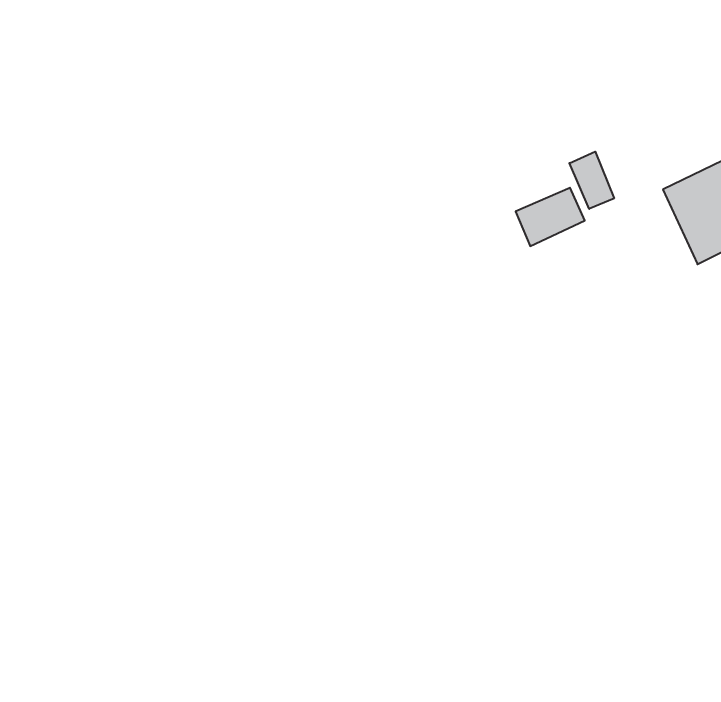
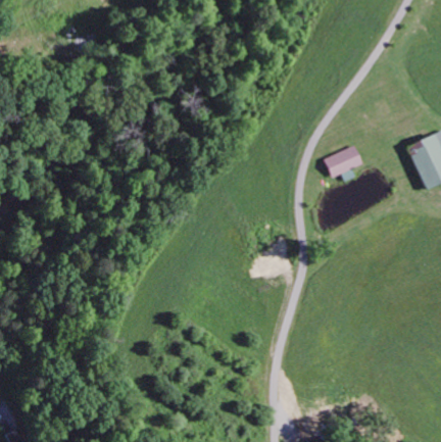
building: [569,152,614,209] -> none

